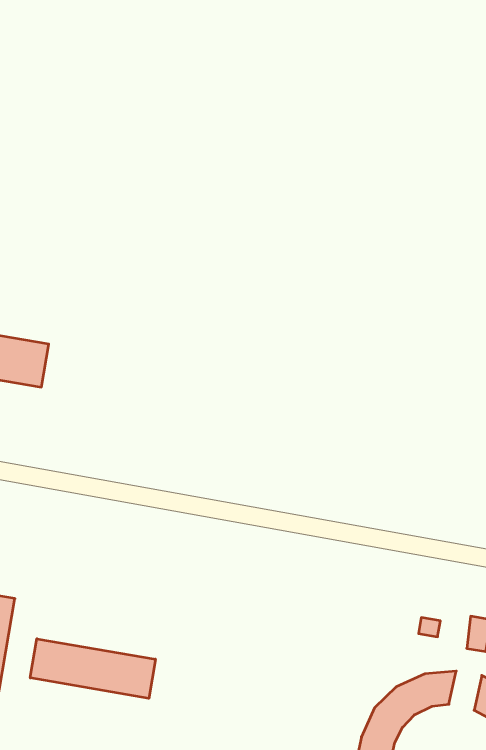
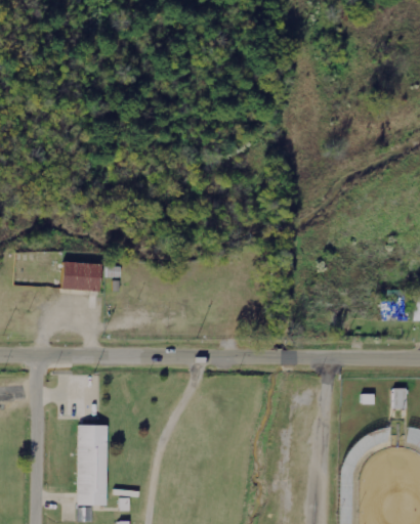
building: [30,639,155,698] -> none

